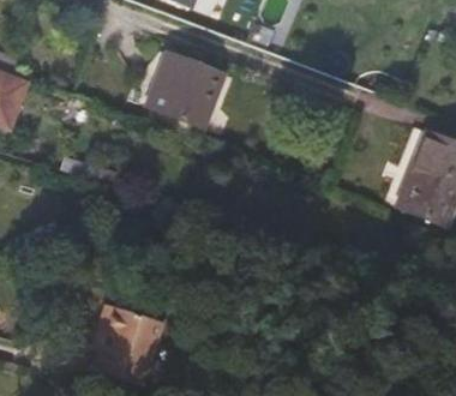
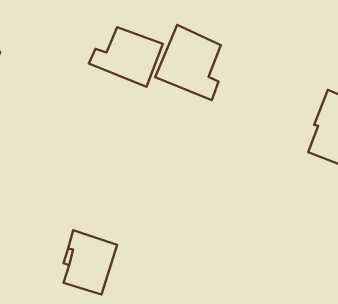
building: none -> [155,25,221,100]

